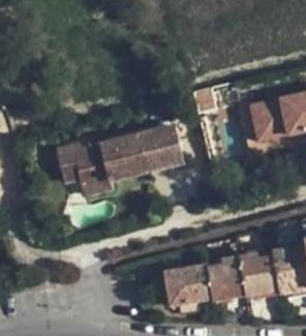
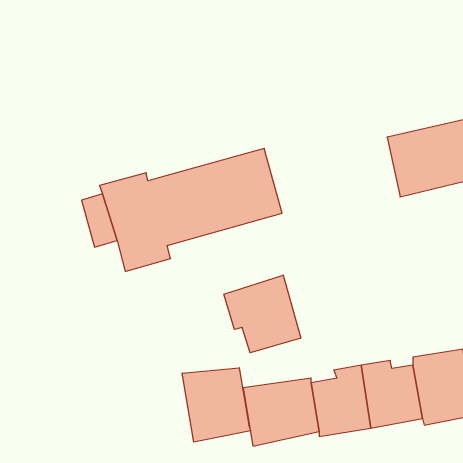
building: none -> [224,275,301,353]
building: none -> [182,368,250,442]

